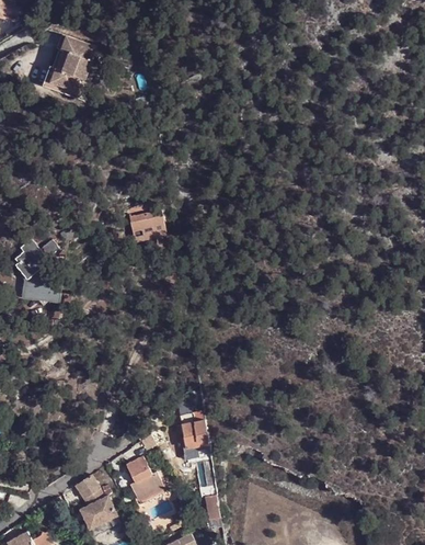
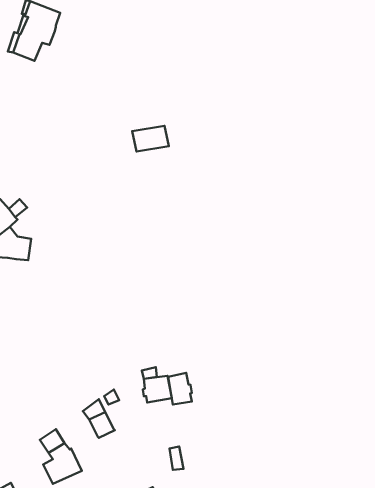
building: [133,215,170,241] -> [132,126,169,151]
building: none -> [168,373,192,405]
building: [129,473,163,501] -> none

